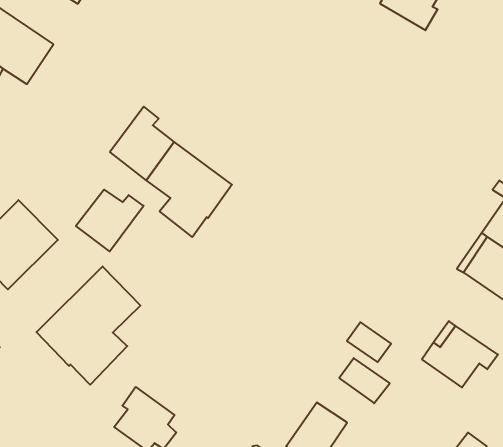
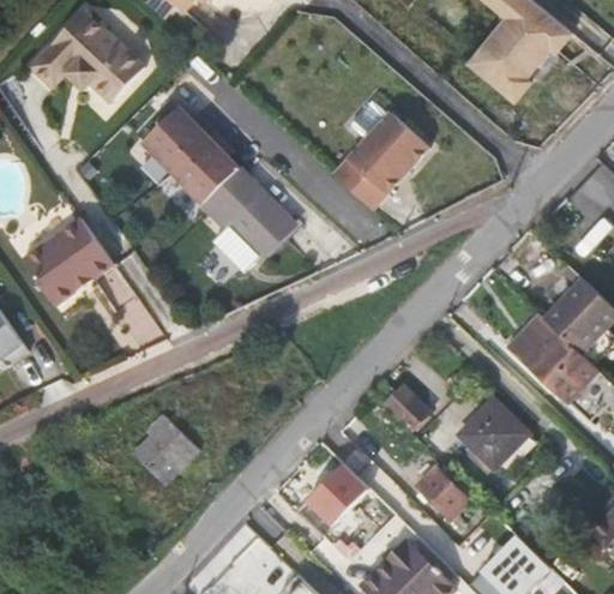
building: none -> [331,109,428,208]
building: [76,190,144,251] -> [145,110,217,174]
building: [36,266,140,385] -> none
building: [339,358,390,403] -> [417,469,468,518]

